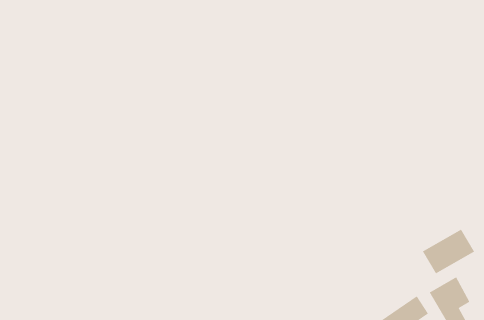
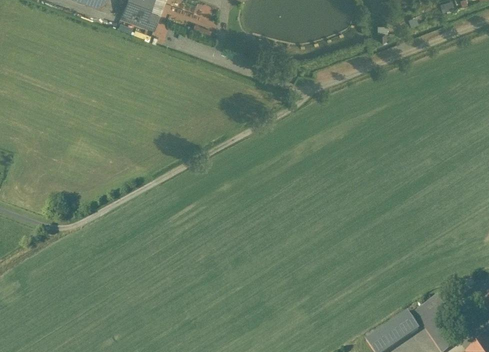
building: [422,229,475,274] -> none

